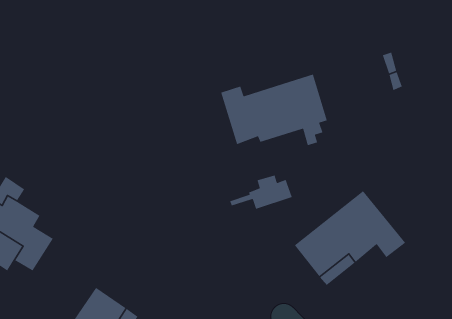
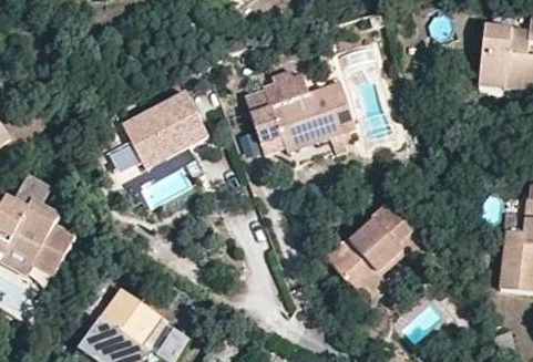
building: none -> [122,95,205,167]
building: [229,174,293,210] -> [243,65,307,101]

